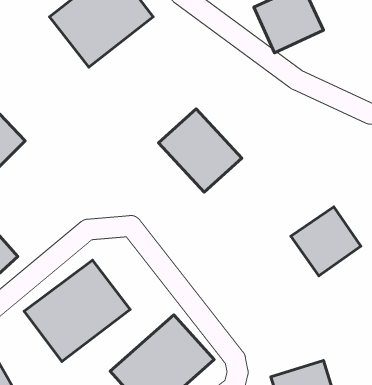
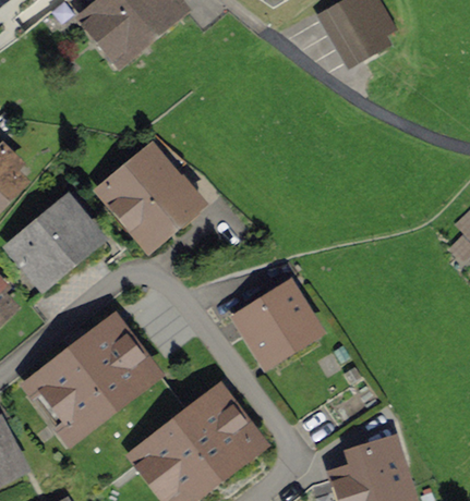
building: [159,109,242,192] -> [100,145,202,246]
building: none -> [10,194,106,288]
building: [291,207,361,276] -> [234,279,320,363]

